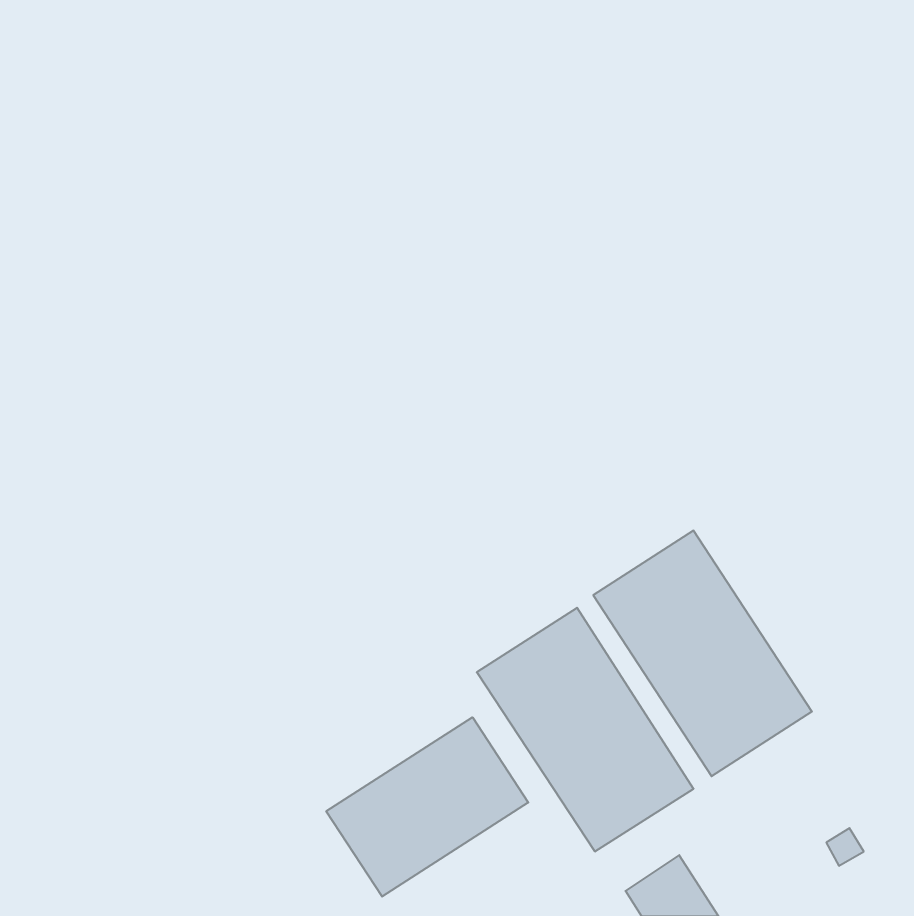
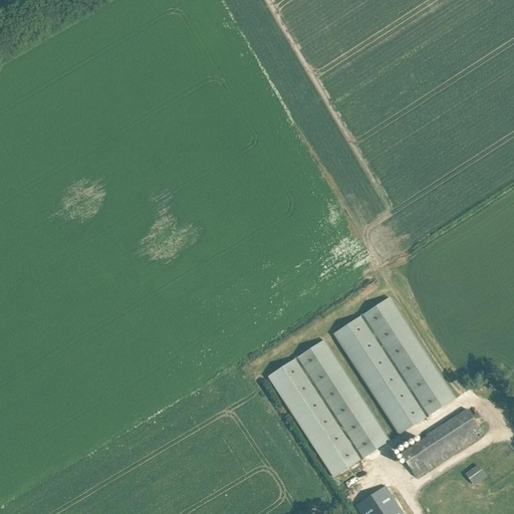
building: [326,717,528,897] -> none
building: none -> [399,409,483,477]

